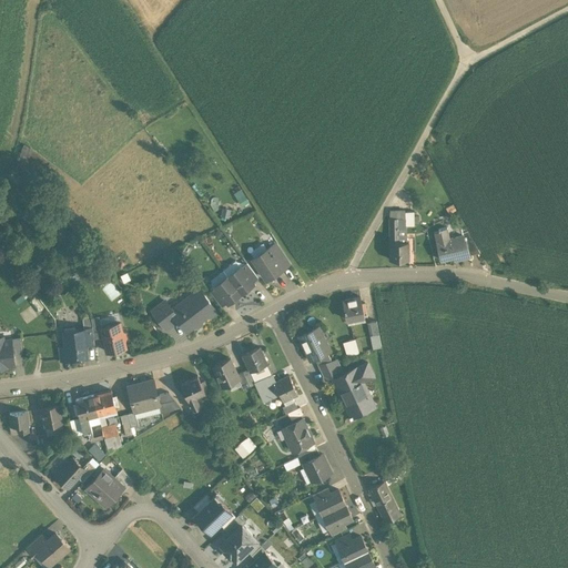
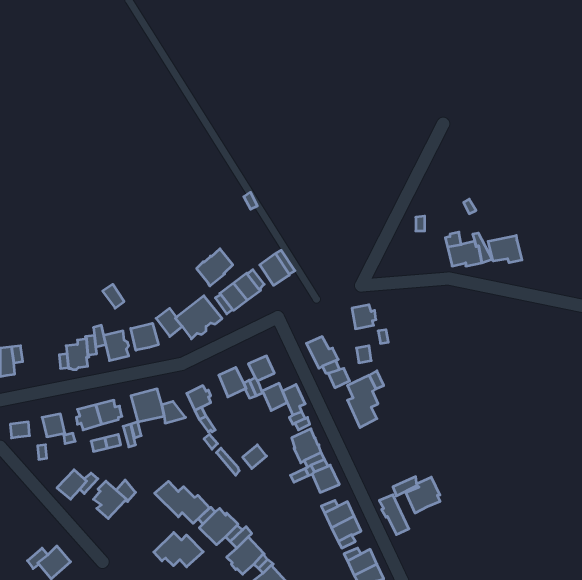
building: [389,220,408,261] -> none
building: none -> [488,235,522,263]
building: none -> [197,249,233,286]
building: none -> [131,323,158,350]
building: none -> [406,477,440,513]
building: none -> [155,481,209,523]
building: none -> [154,532,203,567]

